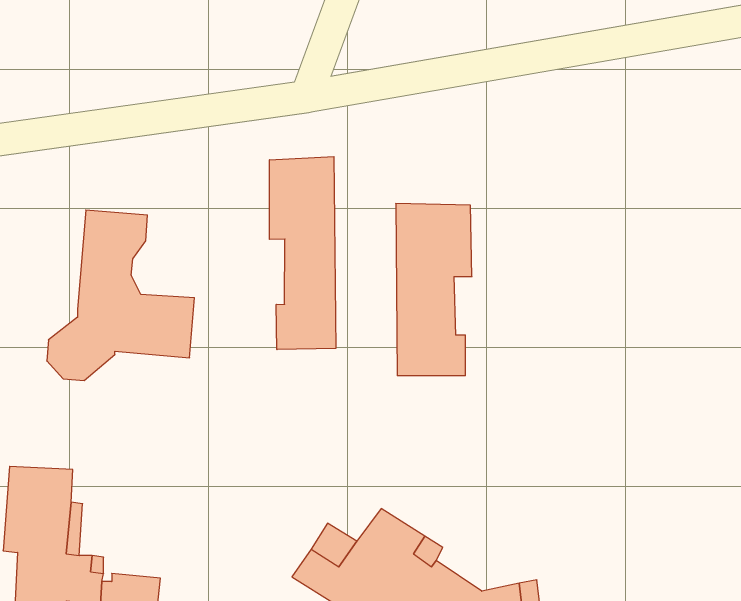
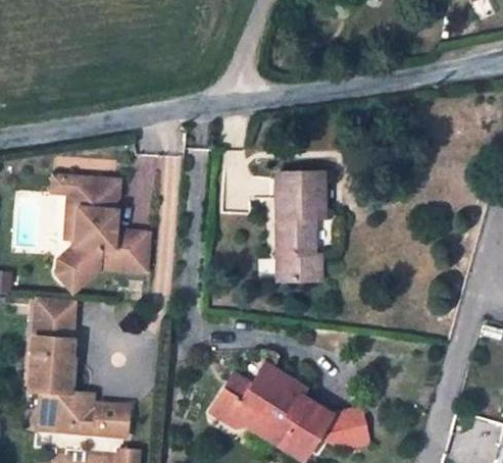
building: [270,157,336,350] -> none
building: none -> [53,174,81,239]
building: none -> [33,295,76,340]

